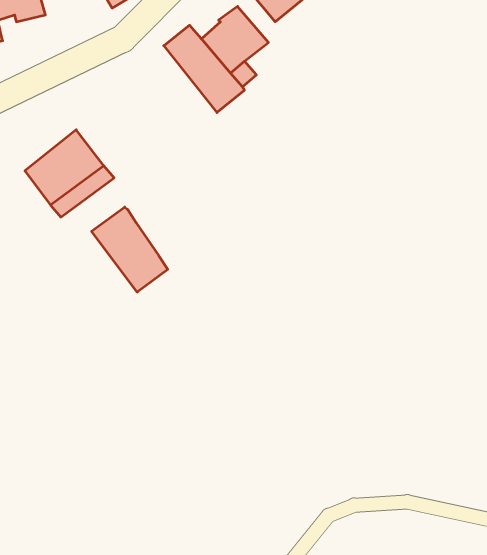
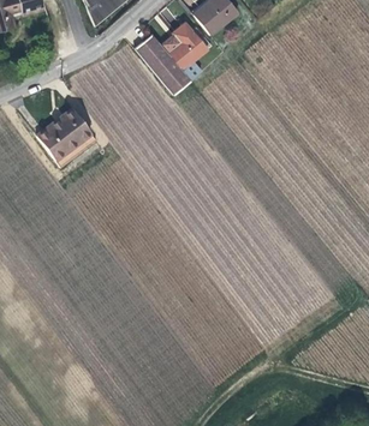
building: [92,207,168,292] -> none

